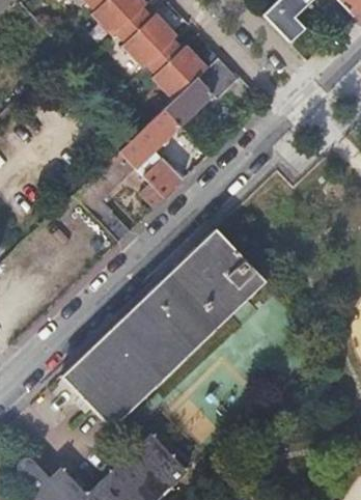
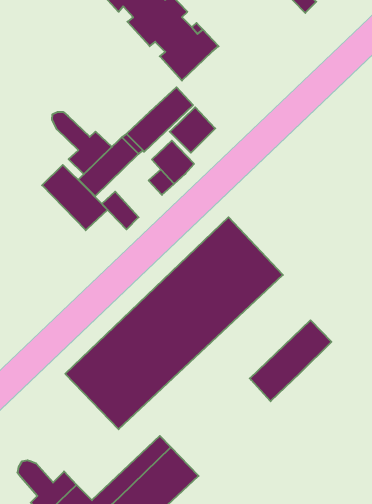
building: [167,56,239,123] -> none
building: none -> [52,112,112,174]
building: none -> [42,165,108,230]
building: none -> [250,320,331,401]

